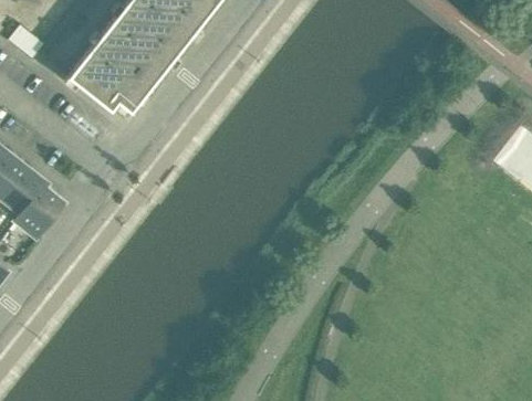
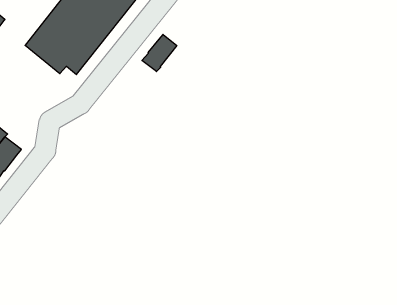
building: none -> [142,34,177,72]

